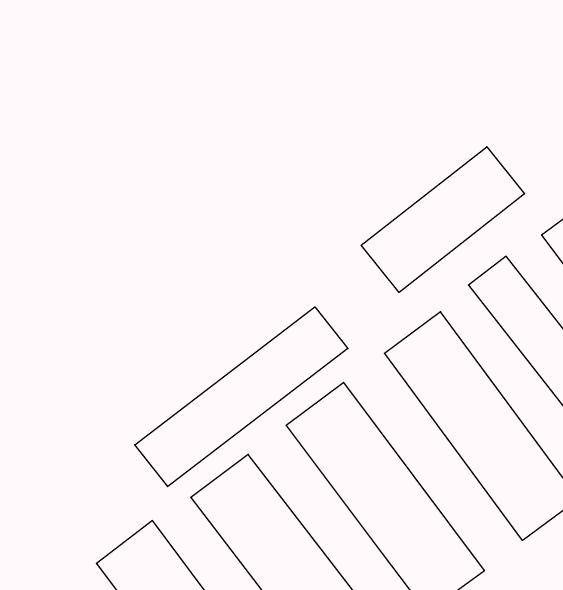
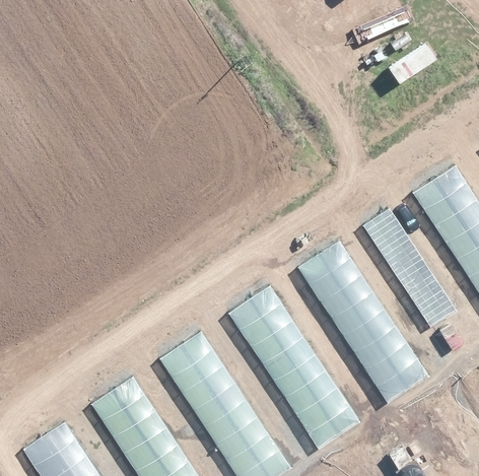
building: [361,147,525,292] -> none
building: [135,307,348,487] -> none

